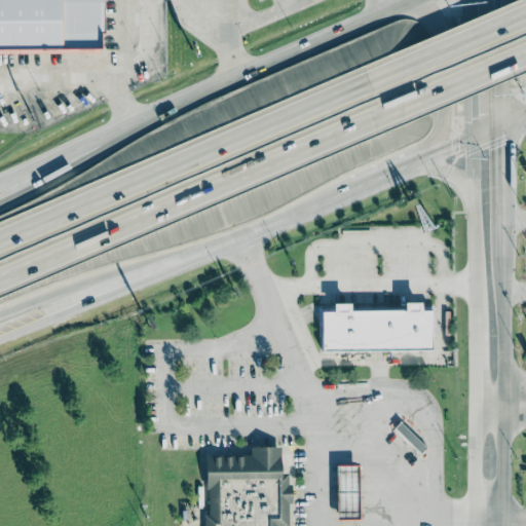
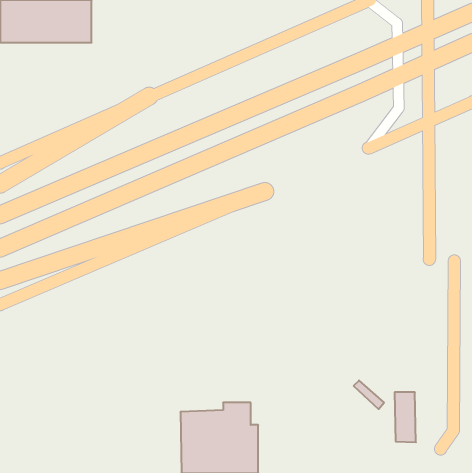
building: [323,301,430,348] -> none
building: [335,464,359,520] -> [395,392,416,442]

